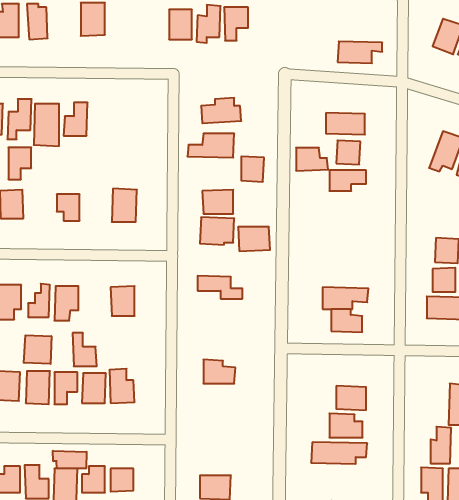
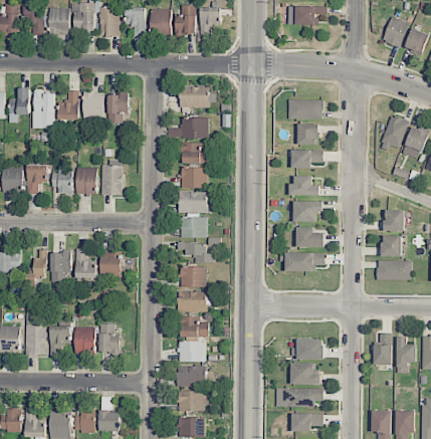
building: none -> [99,6,121,36]
building: none -> [49,7,70,35]
building: none -> [126,7,145,36]
building: [338,41,382,63] -> [287,6,327,25]
building: none -> [82,92,103,119]
building: none -> [107,93,129,124]
building: [8,147,31,179] -> [27,165,47,193]
building: [296,148,328,171] -> [291,176,319,196]
building: [241,156,264,182] -> [181,142,201,164]
building: none -> [76,168,97,194]
building: [238,227,270,251] -> [179,217,207,238]
building: none -> [292,201,322,222]
building: none -> [179,266,206,287]
building: [331,309,362,332] -> [296,227,324,247]
building: none -> [177,291,206,312]
building: [73,333,97,366] -> [75,248,96,277]
building: [24,335,51,364] -> none
building: none -> [178,341,205,362]
building: none -> [177,366,206,387]
building: [431,427,451,463] -> [374,333,392,365]
building: none -> [178,391,206,412]
building: [53,451,87,468] -> none
building: none -> [292,413,324,432]

